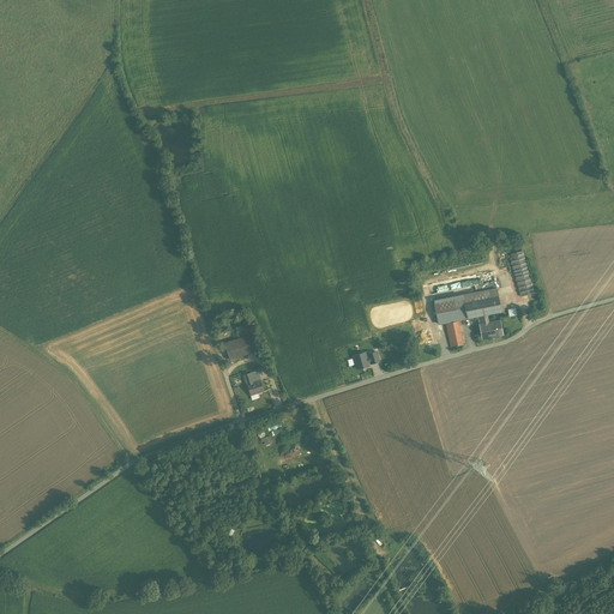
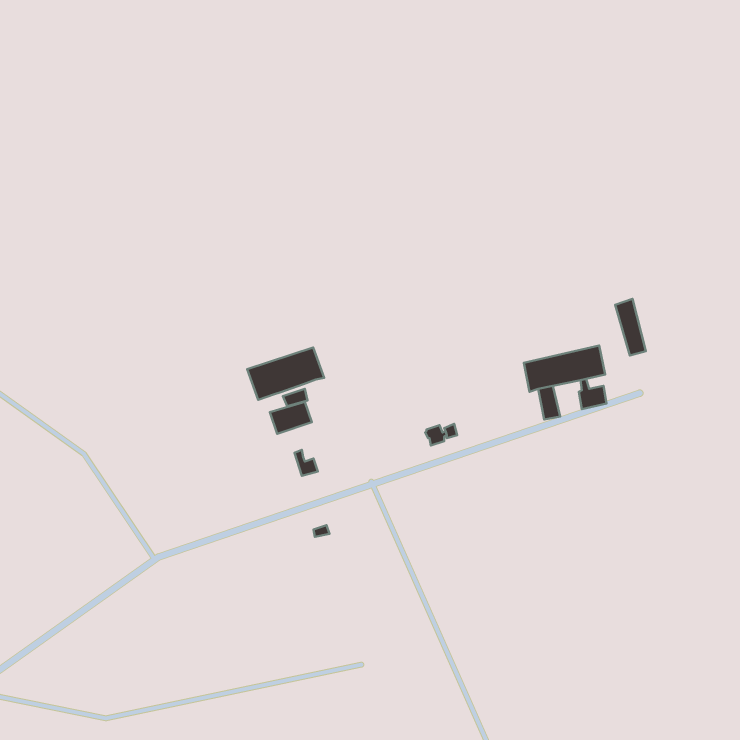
building: none -> [247,347,324,400]

